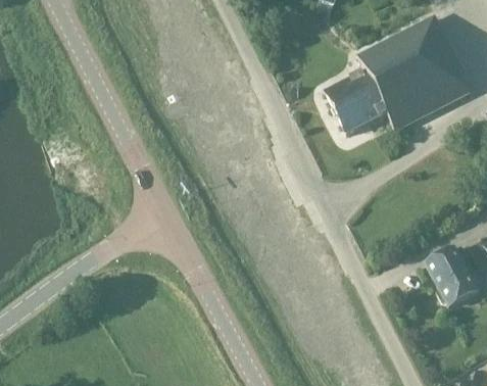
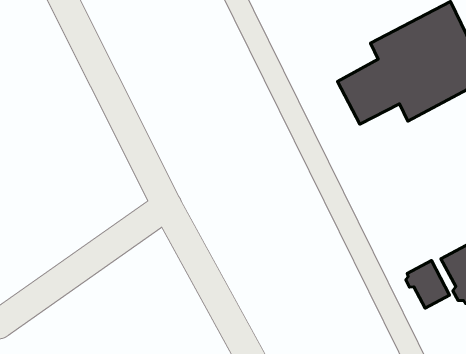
building: none -> [406,261,449,308]

